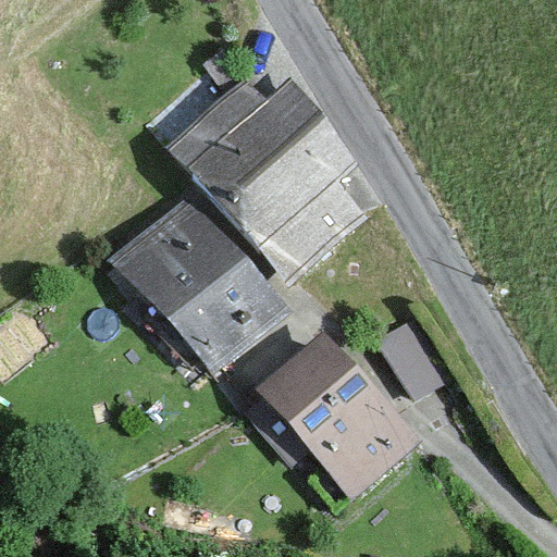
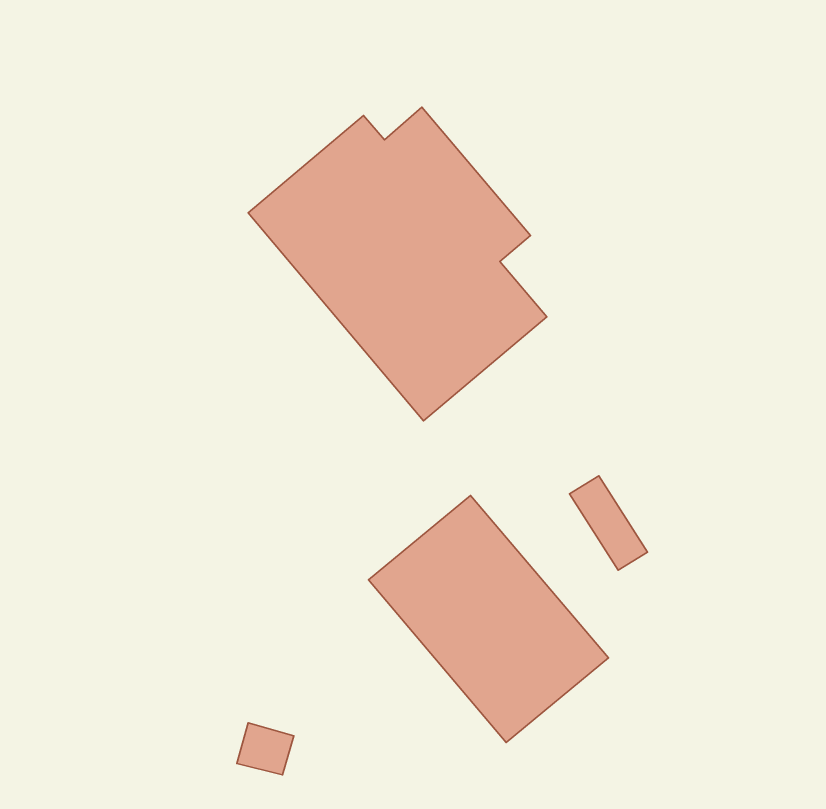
building: [116,197,278,367] -> none

